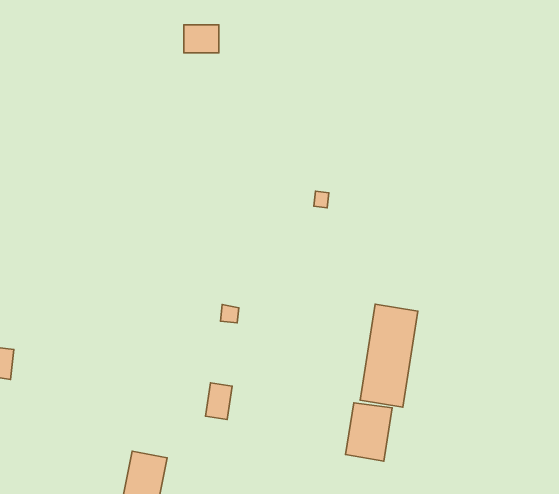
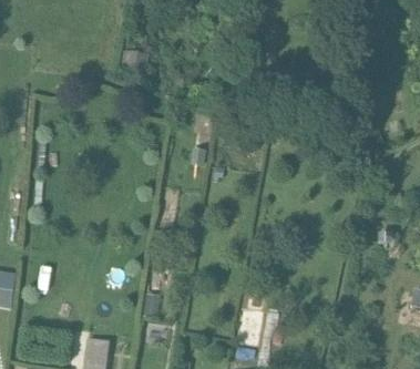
building: [360,304,418,407] -> none

